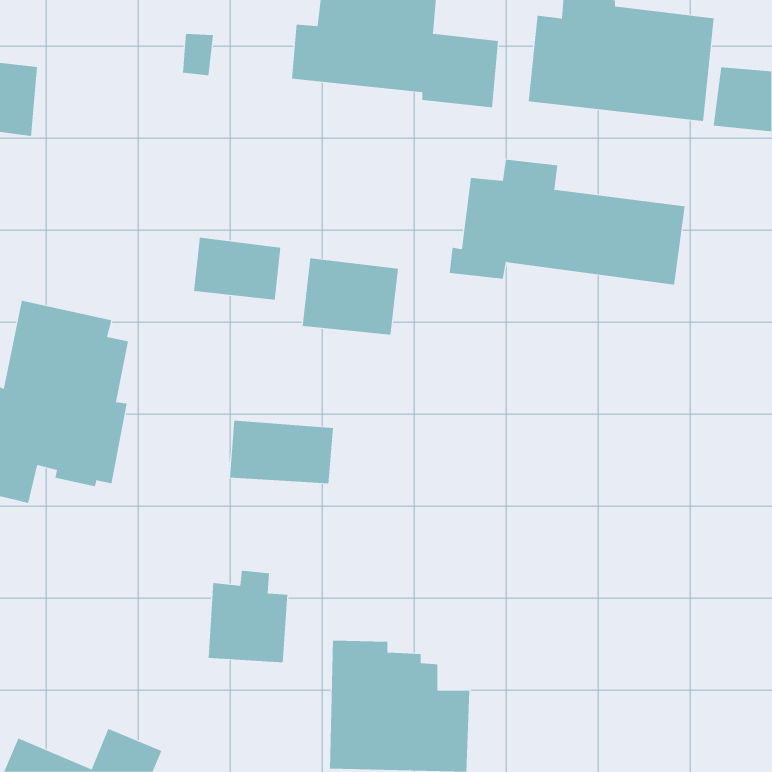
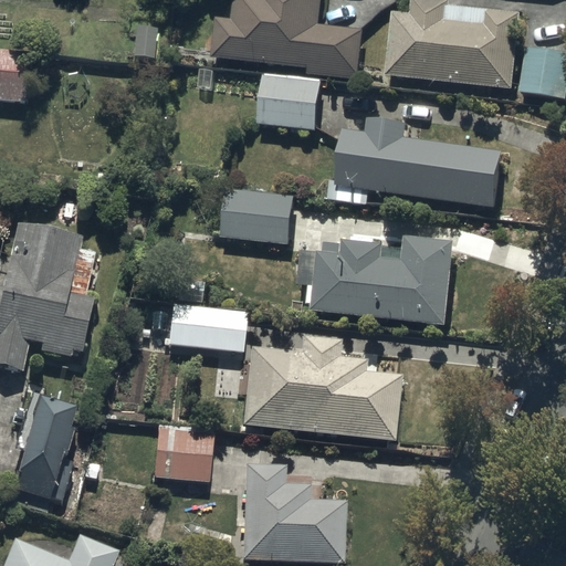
building: none -> [256,73,321,130]
building: [194,237,281,301] -> none
building: none -> [305,237,454,325]
building: none -> [241,339,399,442]
building: none -> [15,392,75,501]

